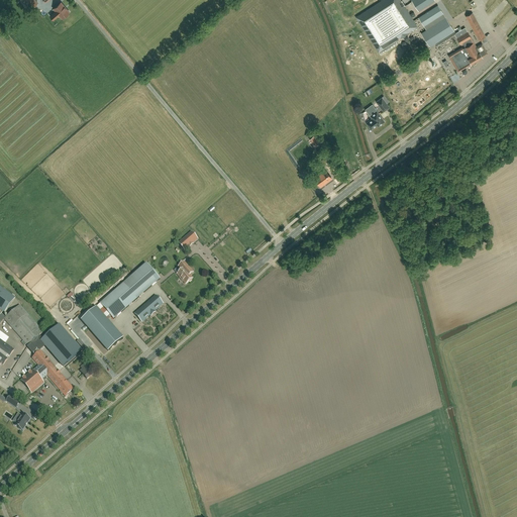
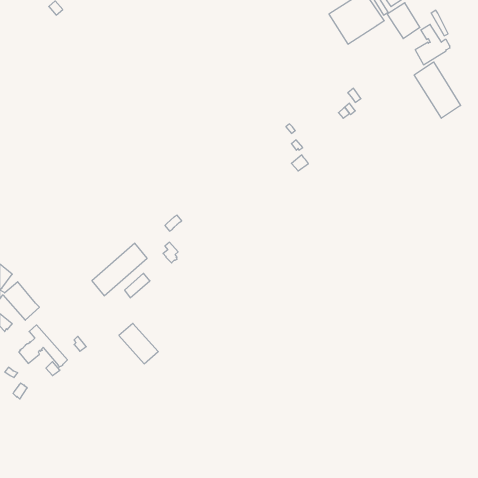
building: none -> [414,62,461,118]
building: [80,306,122,349] -> [119,323,158,364]
building: [40,324,80,365] -> none

